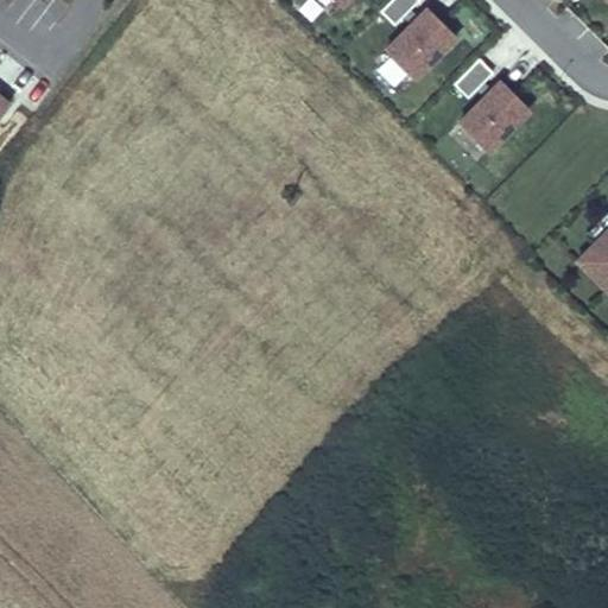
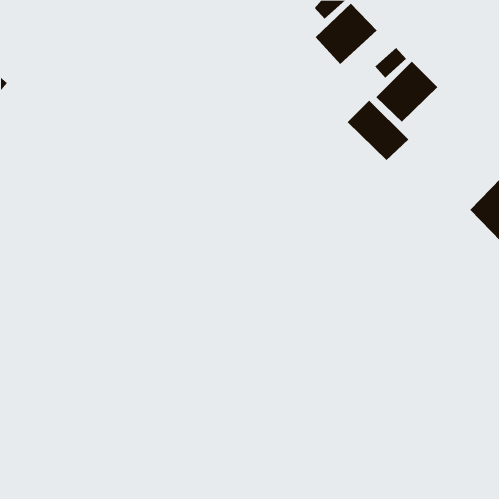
building: none -> [347,100,409,161]

